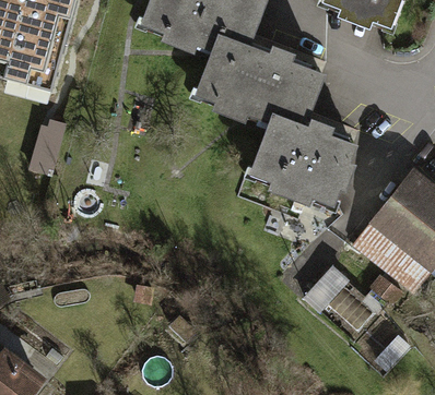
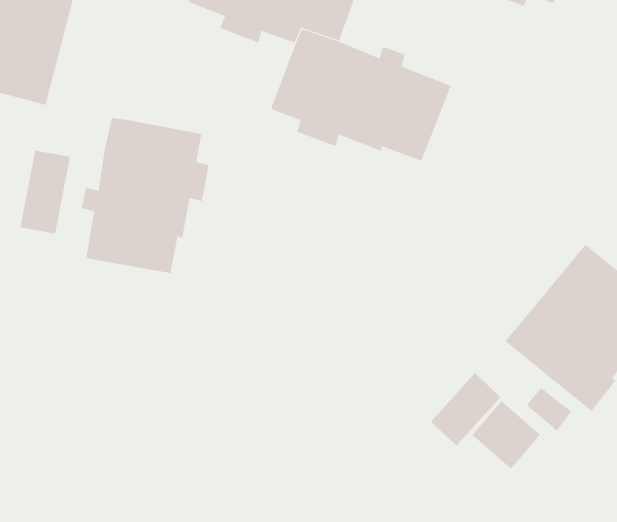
building: none -> [81,117,209,274]
building: [255,115,352,198] -> none

